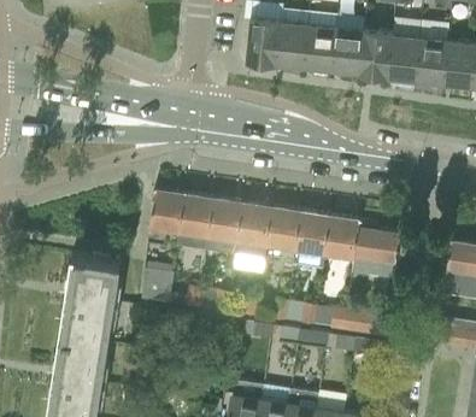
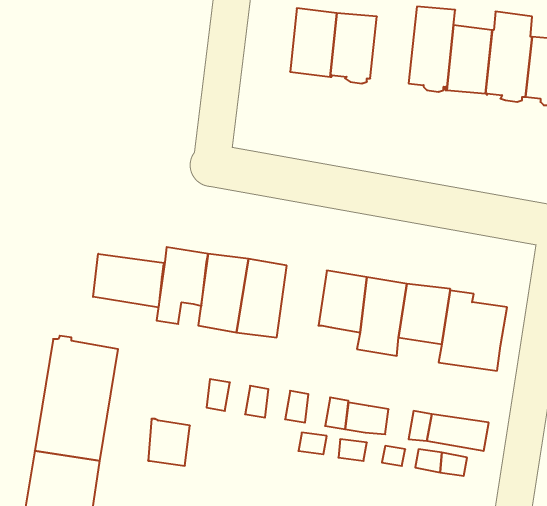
building: [302,23,335,74] -> none
building: none -> [93,254,164,308]
building: [235,202,271,259] -> none
building: [141,269,171,303] -> [148,419,190,466]

